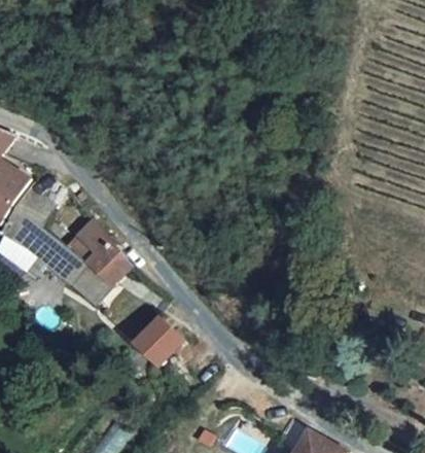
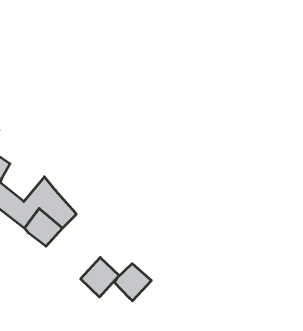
building: none -> [114,264,151,301]

